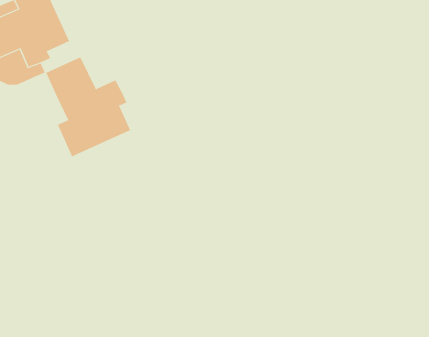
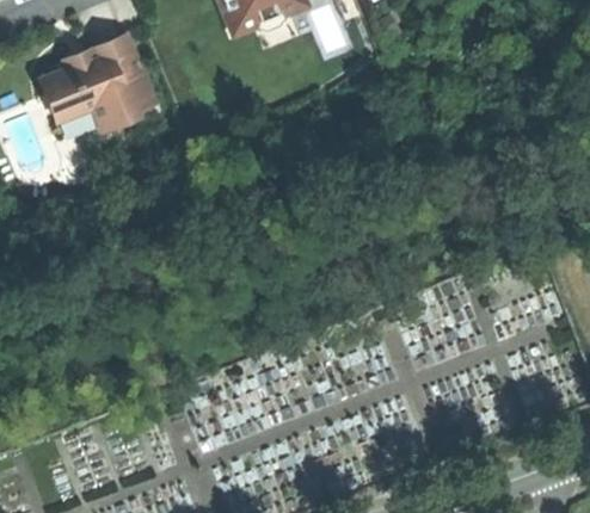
building: [46,57,131,157] -> none

